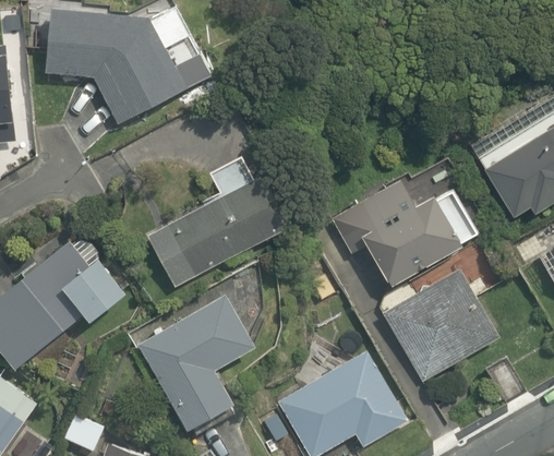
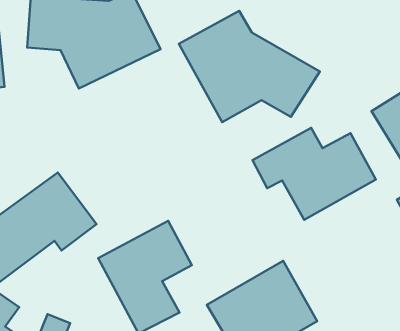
building: none -> [179,11,320,122]
building: [147,149,285,287] -> none
building: [378,269,494,380] -> none

